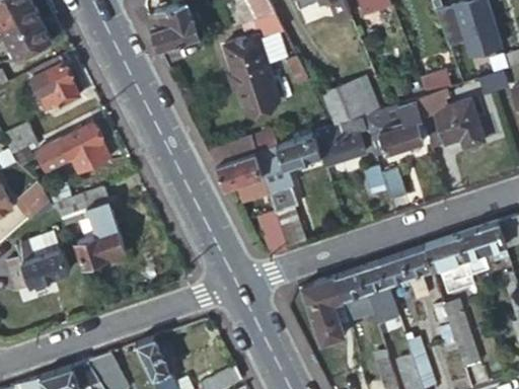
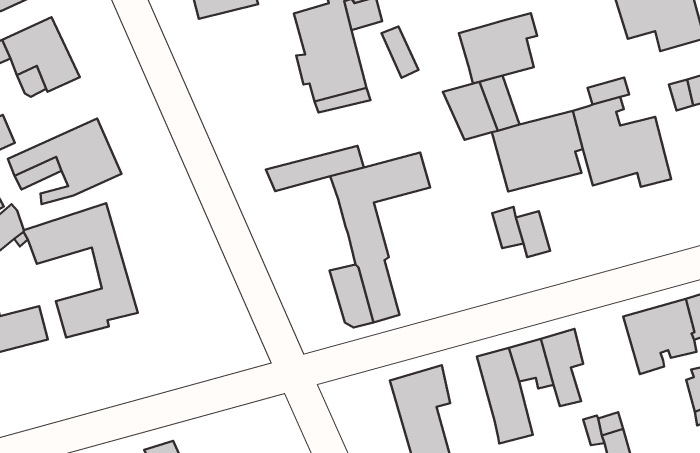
building: [313,116,366,166] -> [459,13,537,84]
building: [216,152,268,198] -> none
building: [424,236,471,290] -> none
building: [336,268,373,319] -> none

